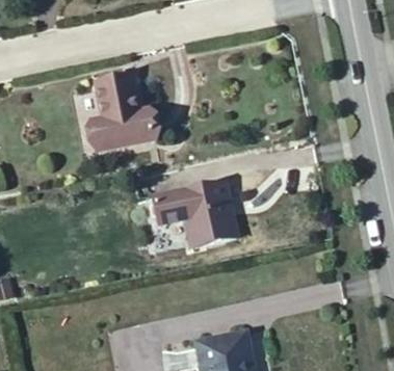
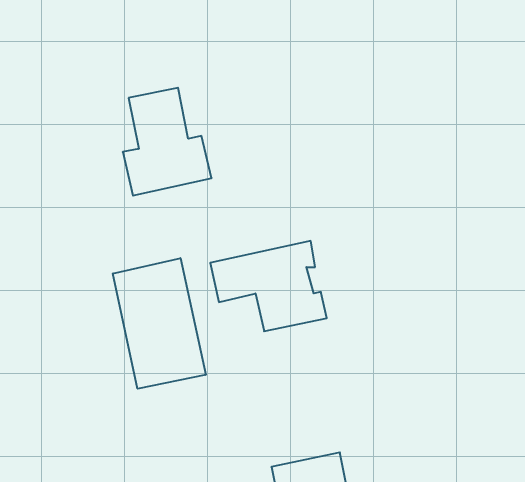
building: none -> [113,258,206,389]

